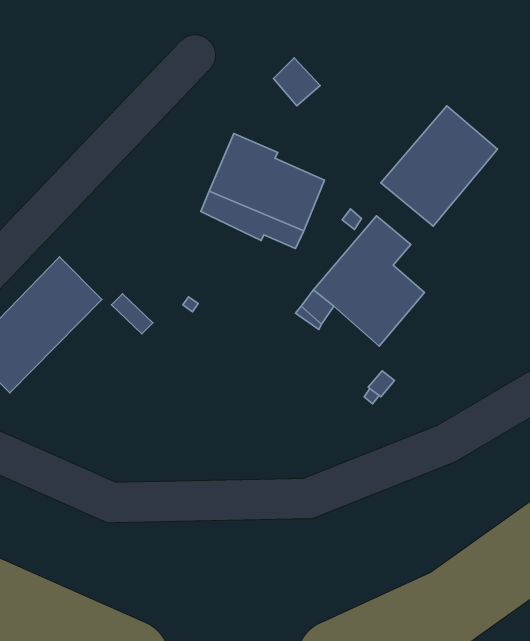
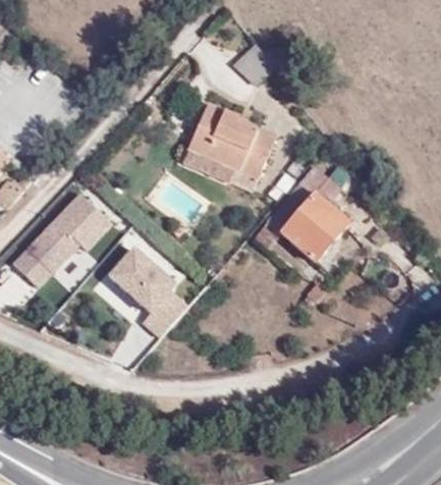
building: [381,106,497,226] -> none
building: none -> [99,253,191,341]

